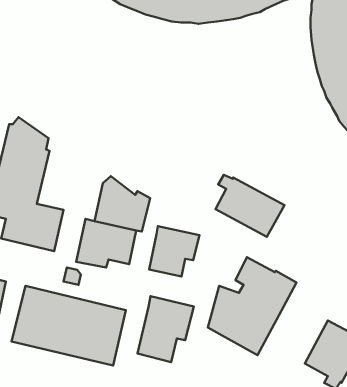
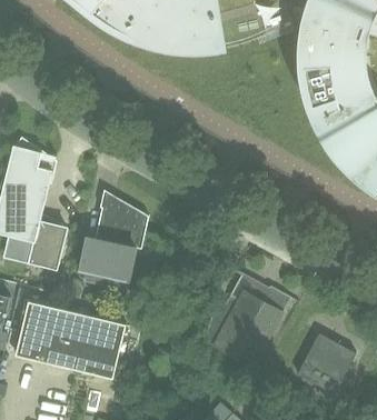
building: [215,175,284,237] -> none
building: [149,226,199,277] -> none
building: [138,296,194,362] -> none

